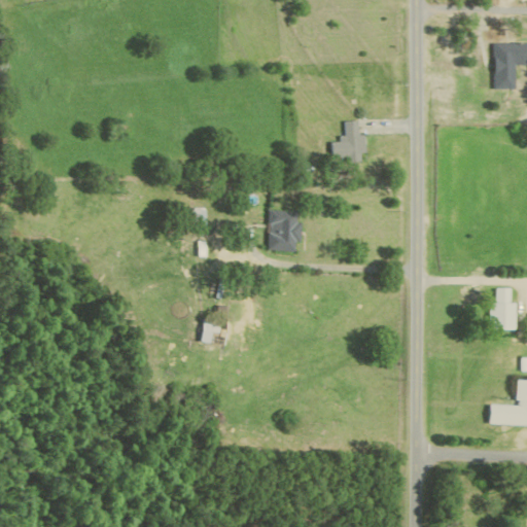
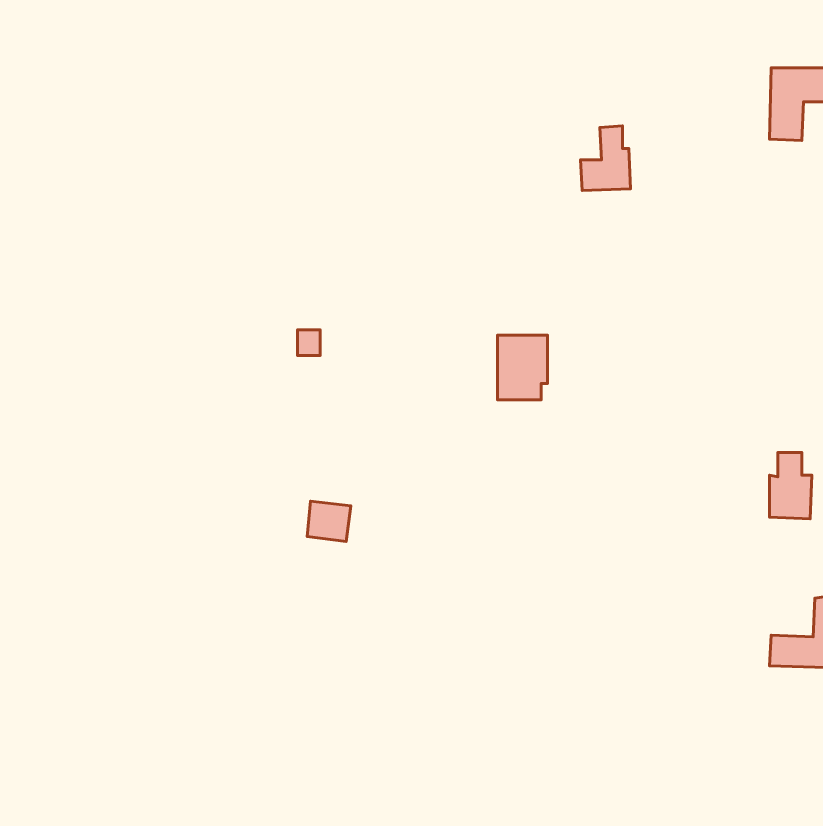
building: [333,120,365,162] -> [580,126,631,191]
building: [268,210,300,251] -> [497,335,548,400]

